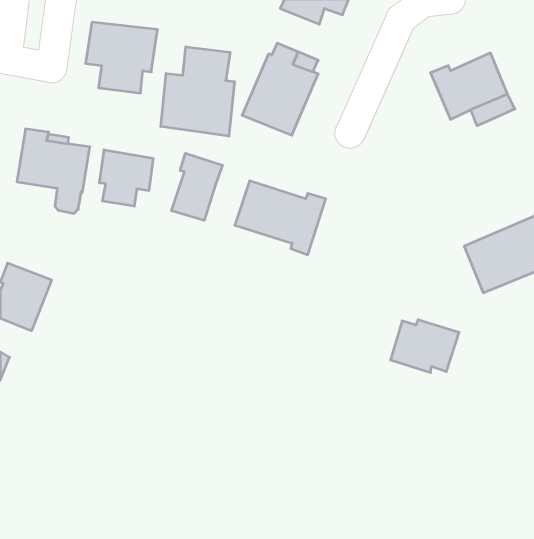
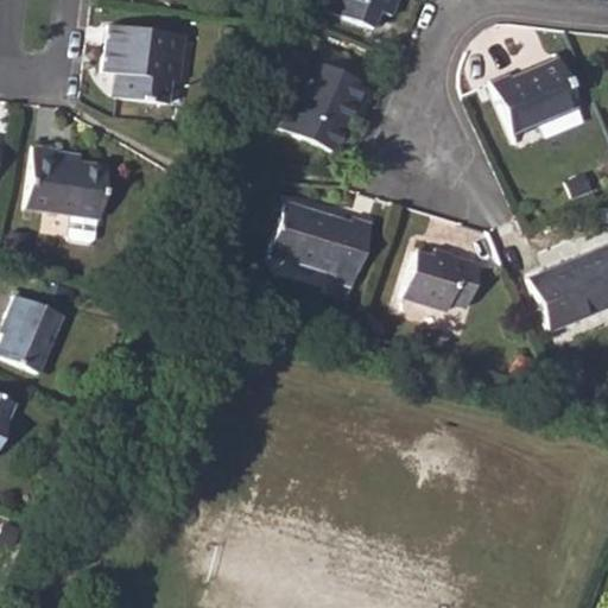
building: [161,47,235,136] -> none
building: [99,150,153,206] -> none
building: [171,153,222,220] -> none
building: [390,320,459,373] -> [405,249,482,309]

